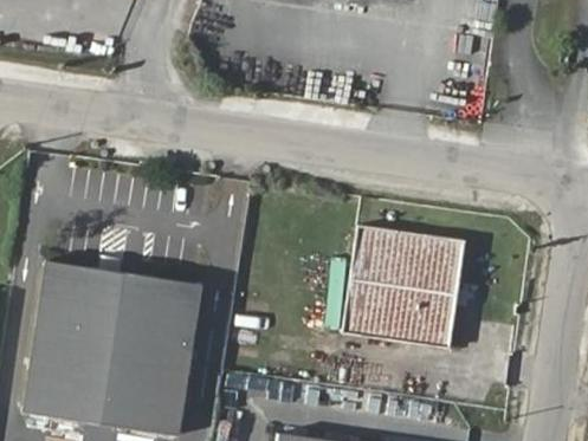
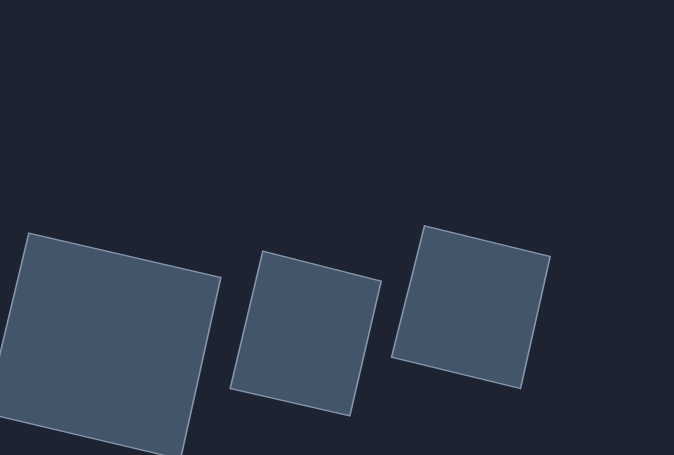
building: none -> [230,251,381,416]

